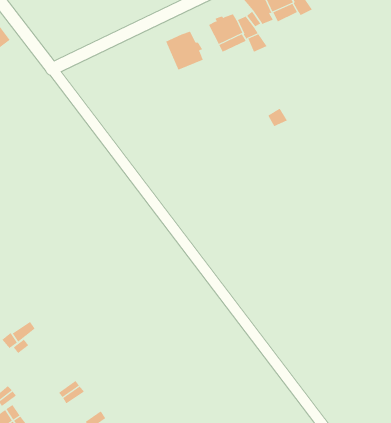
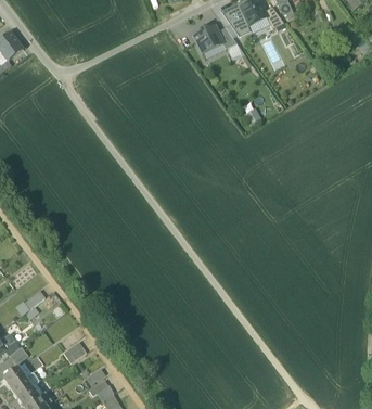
building: [165,31,203,70] -> none

